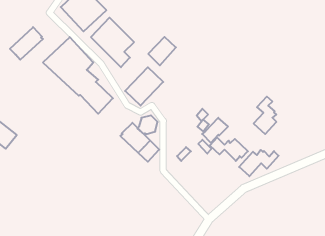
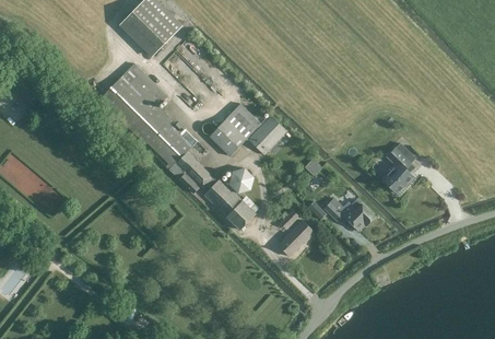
building: [10,27,43,60] -> none
building: [148,37,176,65] -> [247,116,284,154]
building: none -> [175,152,214,196]
building: [202,118,228,143] -> [279,220,314,254]
building: [239,150,279,176] -> none

